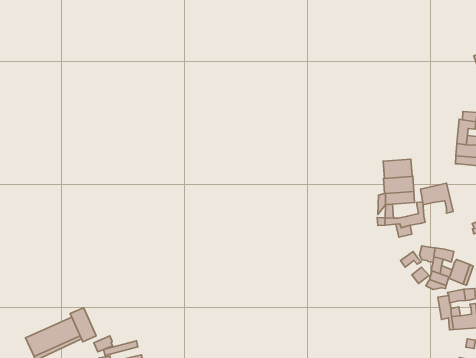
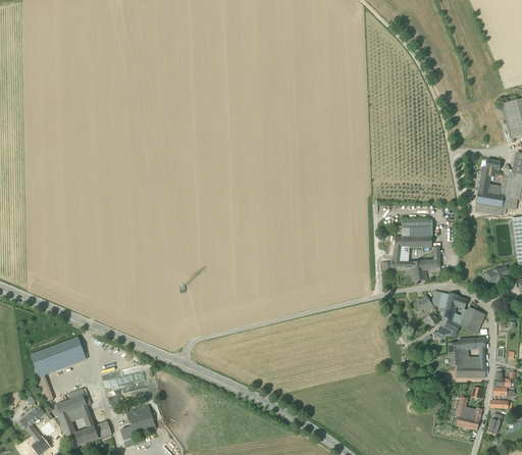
building: [383,159,412,178] -> none
building: [421,183,453,213] -> none
building: [70,308,96,342] -> none

